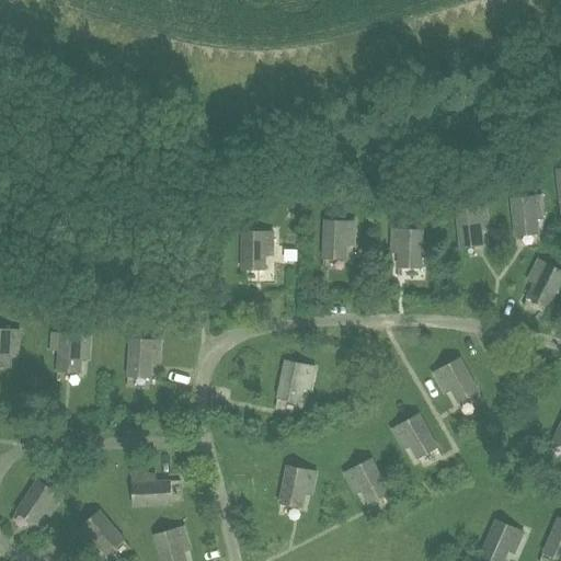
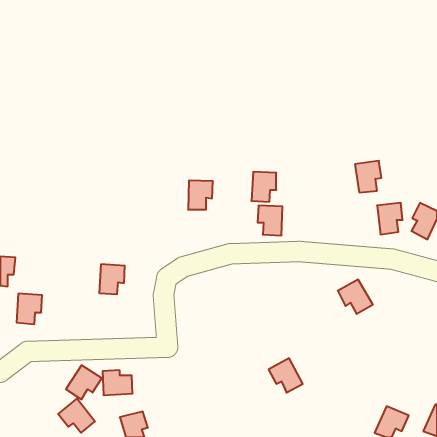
building: [511,195,543,236] -> [377,203,403,234]
building: [390,229,422,267] -> [258,206,282,235]
building: [57,333,90,373] -> [17,294,42,324]
building: [277,360,314,402] -> none
building: [391,414,436,458] -> none
building: [279,466,317,507] -> none
building: [16,480,62,524] -> [66,365,102,399]

